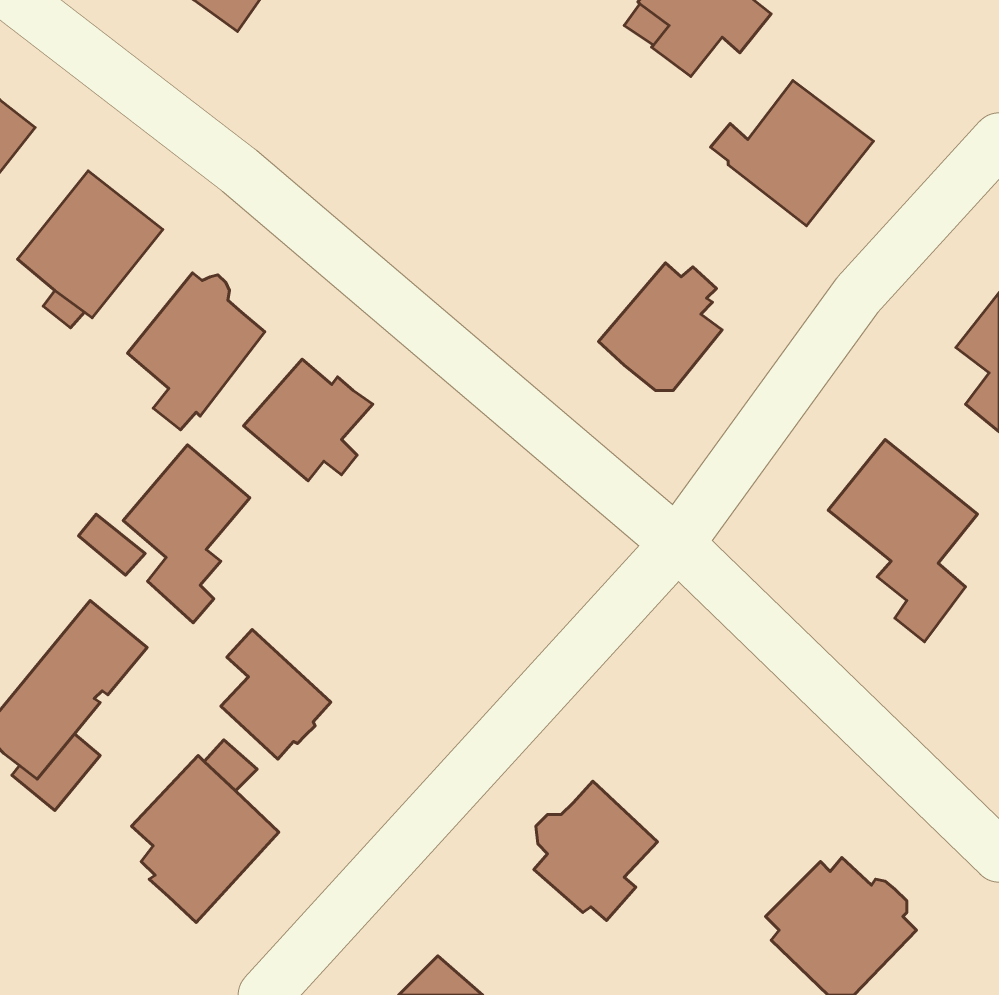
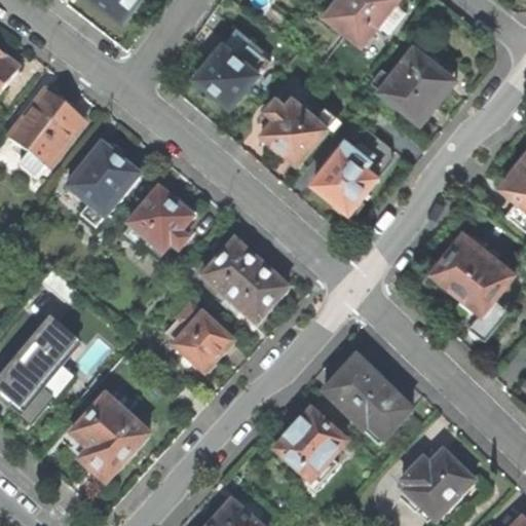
building: none -> [193,39,269,105]
building: none -> [261,95,338,158]
building: [123,445,250,623] -> none
building: none -> [201,239,287,324]
building: [221,630,331,759] -> [174,303,231,371]
building: none -> [324,359,410,440]

